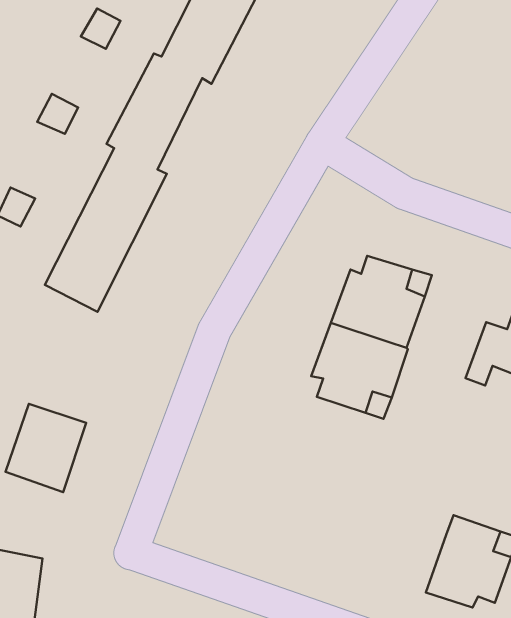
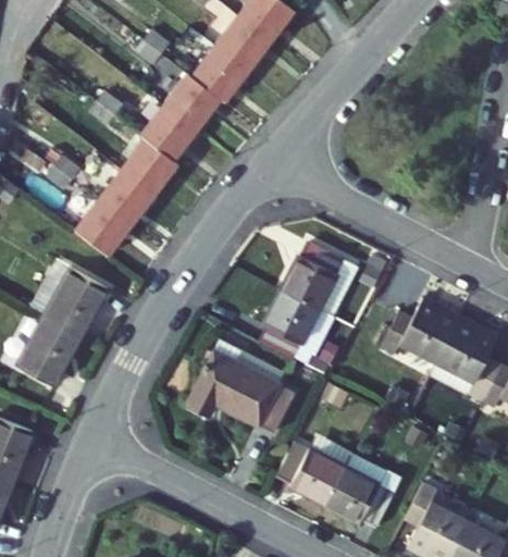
building: none -> [46,273,110,342]
building: none -> [185,336,294,431]
building: none -> [280,432,355,507]

